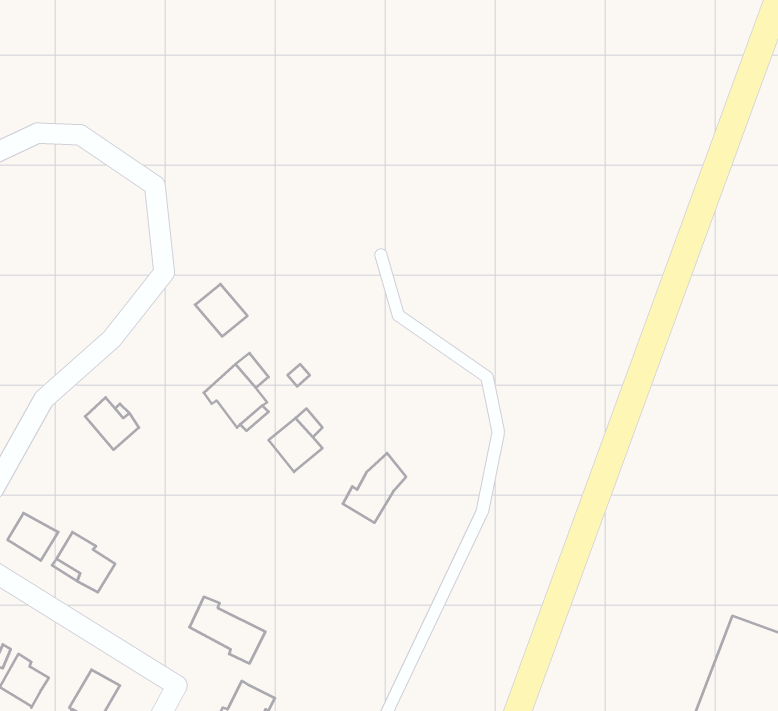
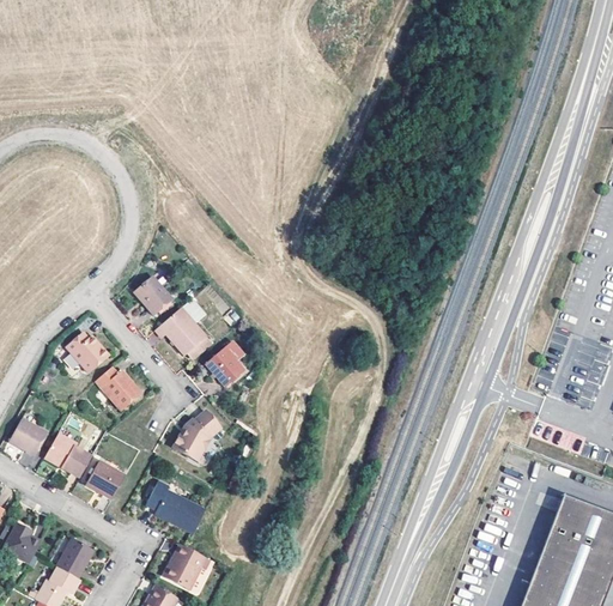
building: [195,284,247,336] -> [132,278,171,317]
building: none -> [97,365,144,410]
building: [343,453,406,523] -> [172,410,220,462]
building: none -> [86,462,126,499]

